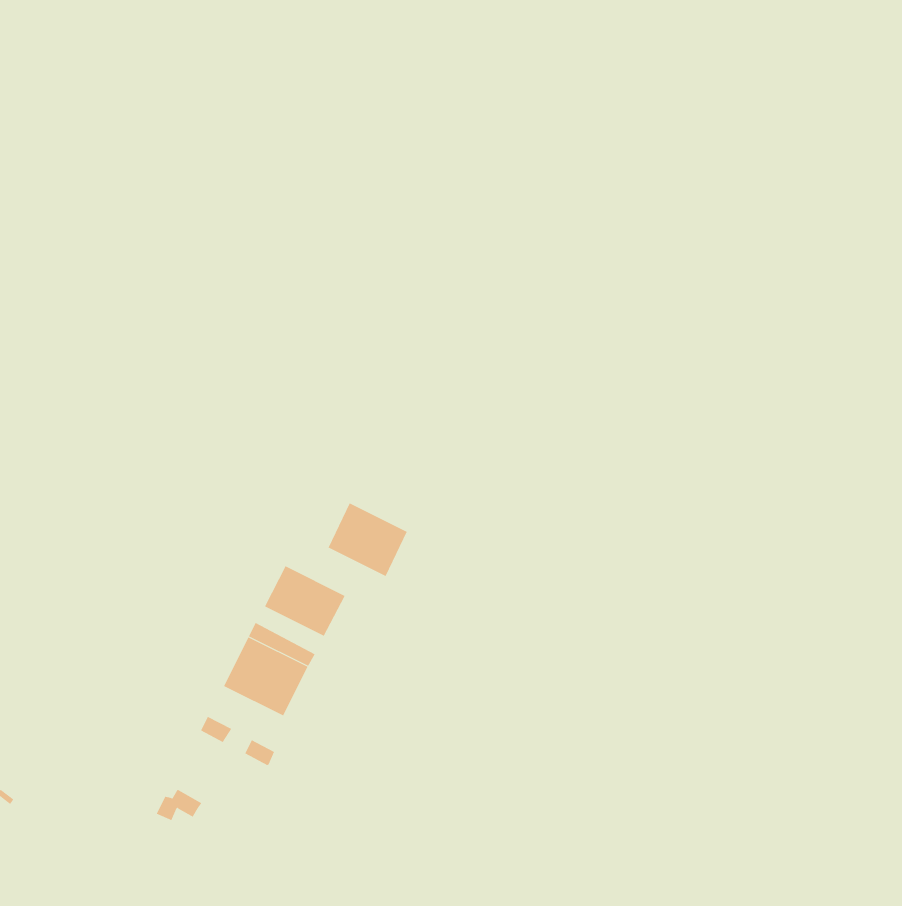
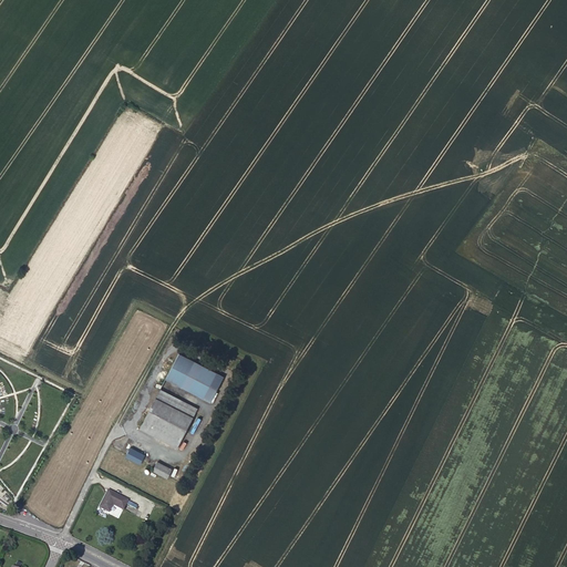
building: [328,503,408,577] -> none

